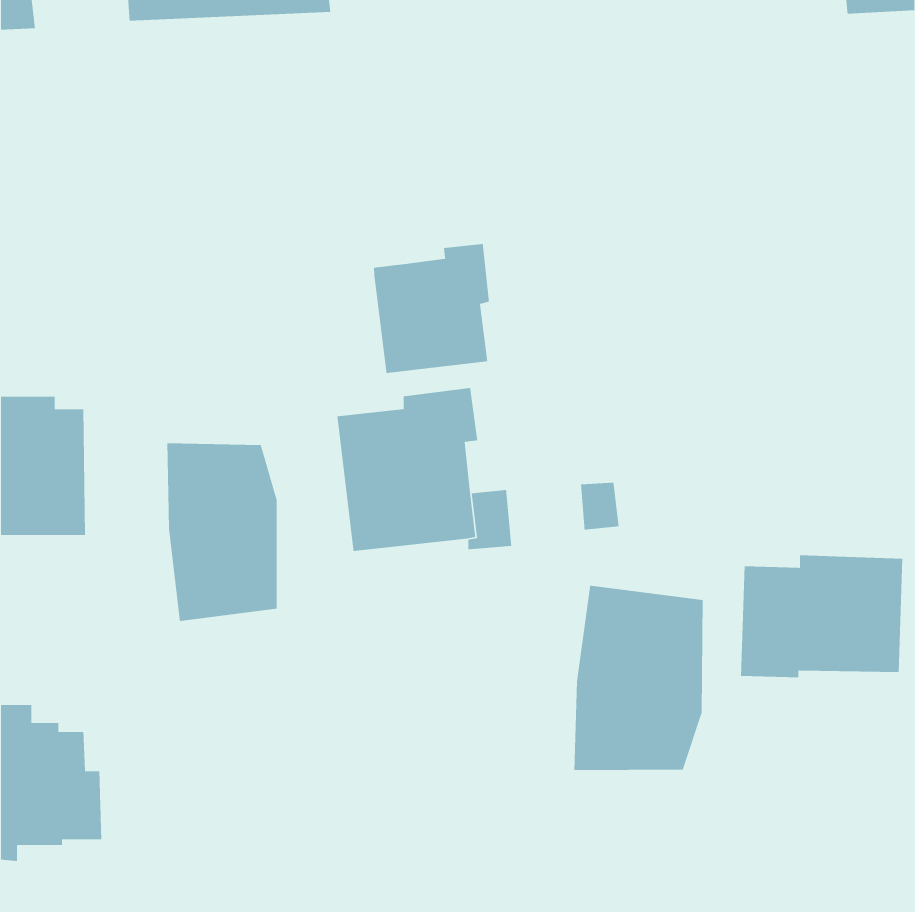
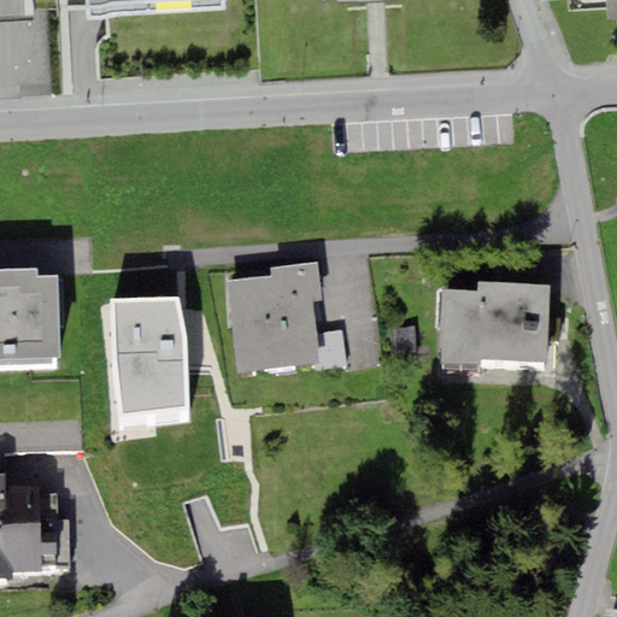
building: [373,243,490,374] -> none
building: [740,555,903,678] -> [440,280,550,363]
building: [574,585,703,771] -> none

